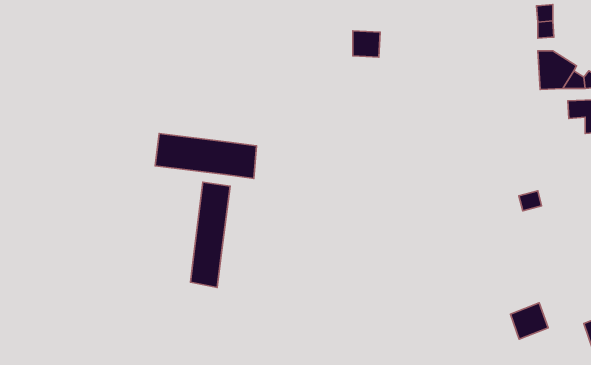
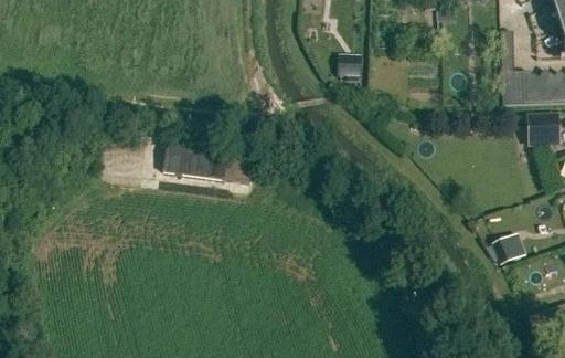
building: [190,182,230,287] -> none
building: [511,303,548,339] -> [492,232,525,264]

